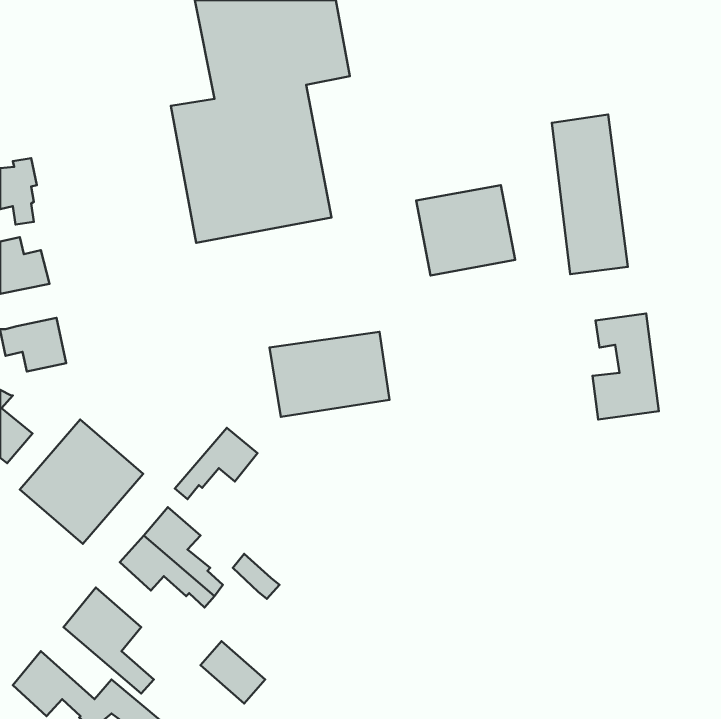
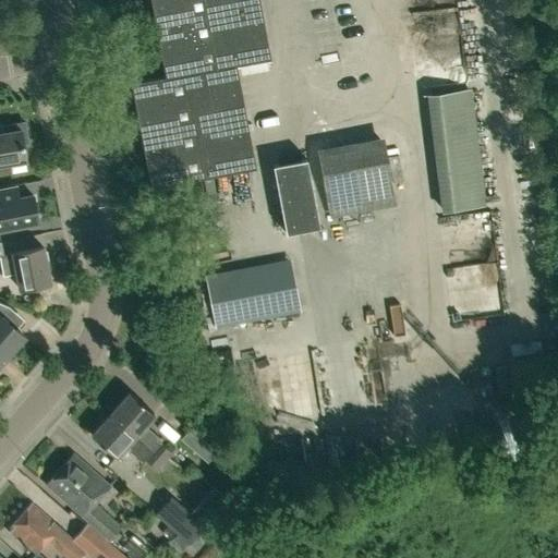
building: none -> [274,160,319,234]
building: [20,420,143,544] -> none
building: [175,428,258,499] -> none

